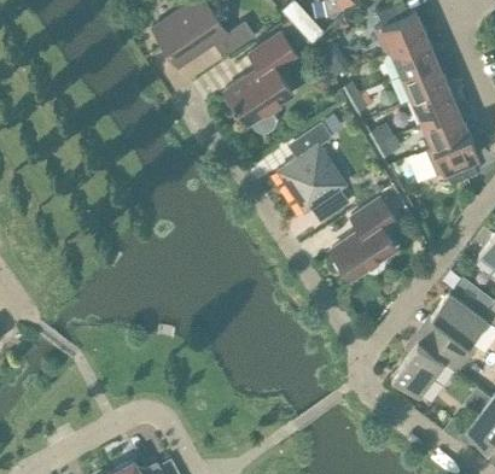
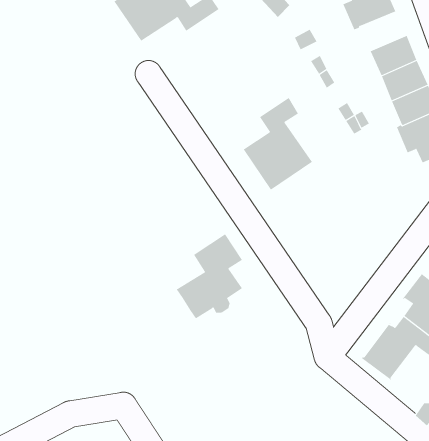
building: [225,34,296,131] -> none
building: [391,39,437,77] -> none
building: [331,197,396,280] -> [176,234,243,319]

